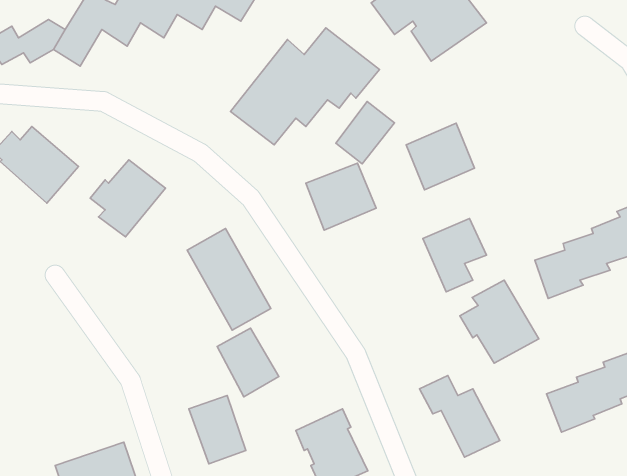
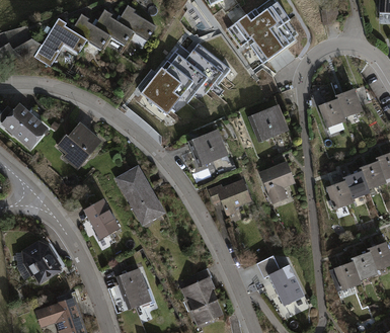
building: none -> [317,86,363,127]
building: [336,102,395,164] -> none
building: none -> [207,177,251,216]
building: [460,280,539,363] -> none
building: [217,328,279,397] -> [83,200,121,242]
building: none -> [21,239,62,283]

